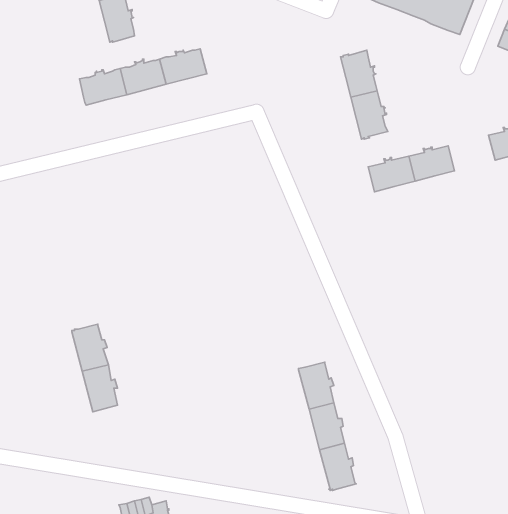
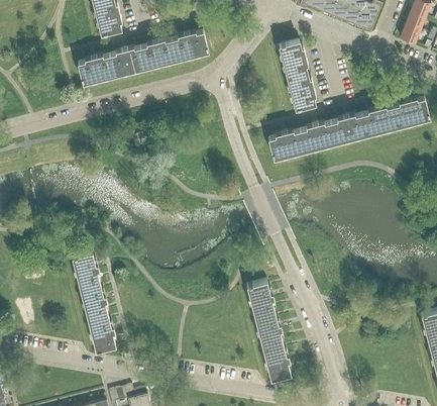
building: none -> [171,32,208,60]
building: none -> [361,107,398,134]
building: none -> [268,131,305,159]
building: none -> [88,315,115,351]

